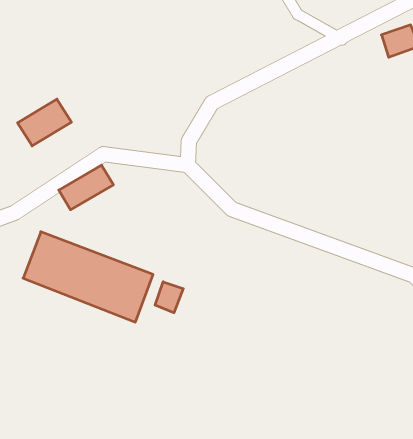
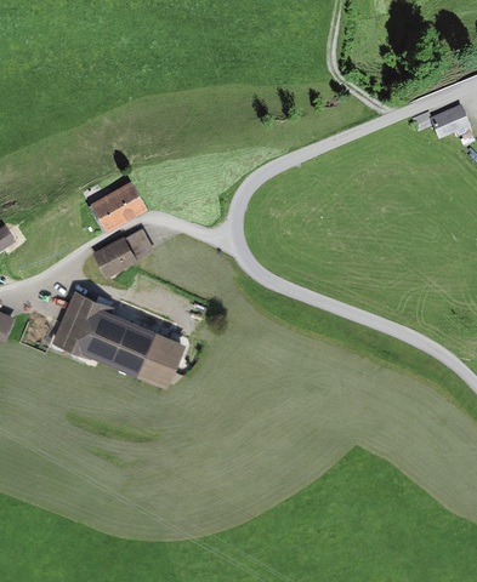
building: [18,99,71,146] -> [87,184,142,230]
building: [155,282,183,313] -> none

